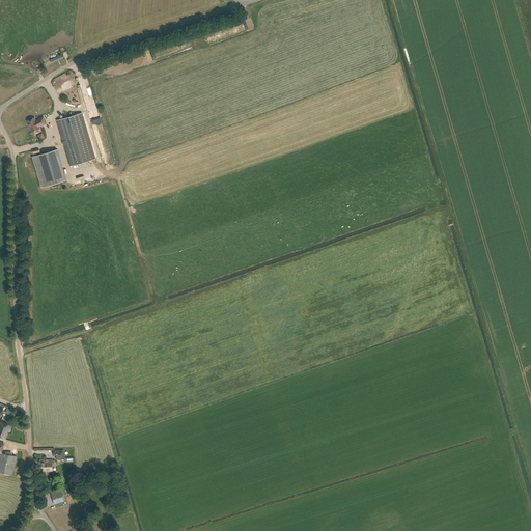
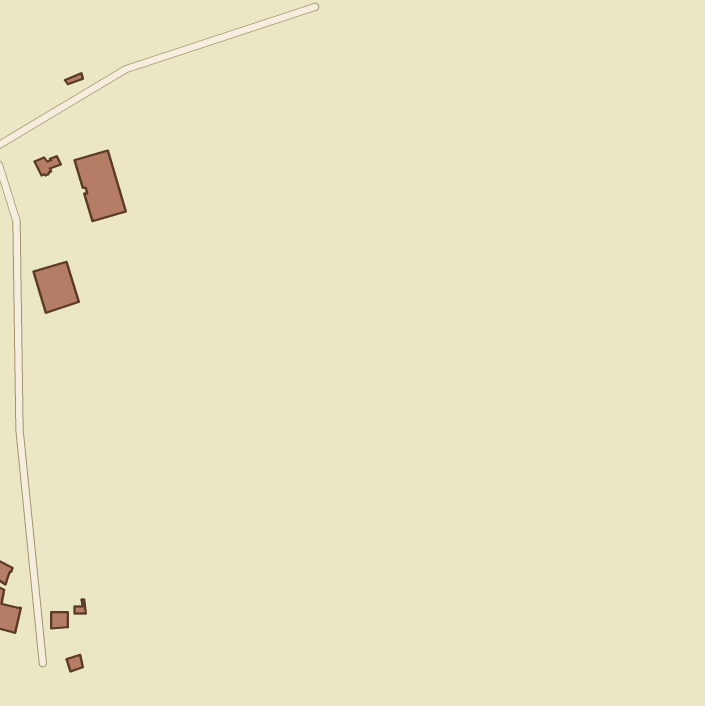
building: [31,149,65,188] -> [33,262,79,313]

